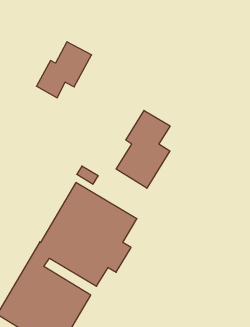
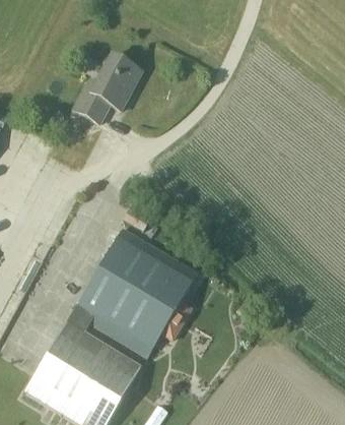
building: [116,110,170,188] -> none

